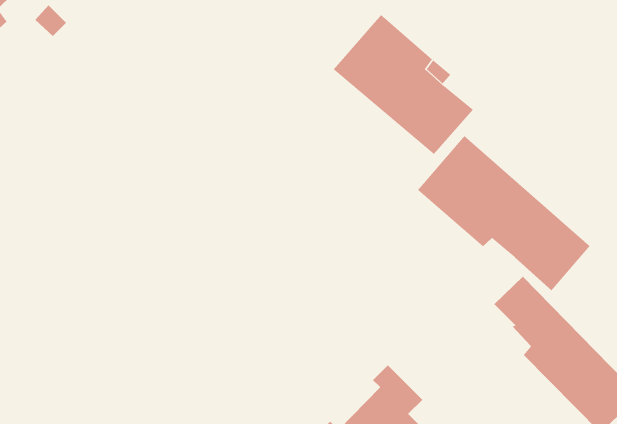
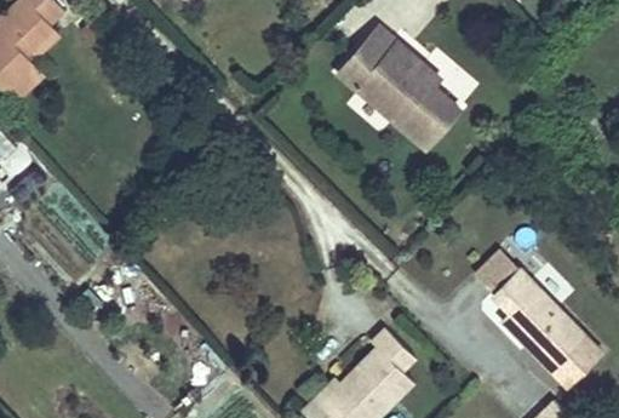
building: [417,135,590,291] -> none

